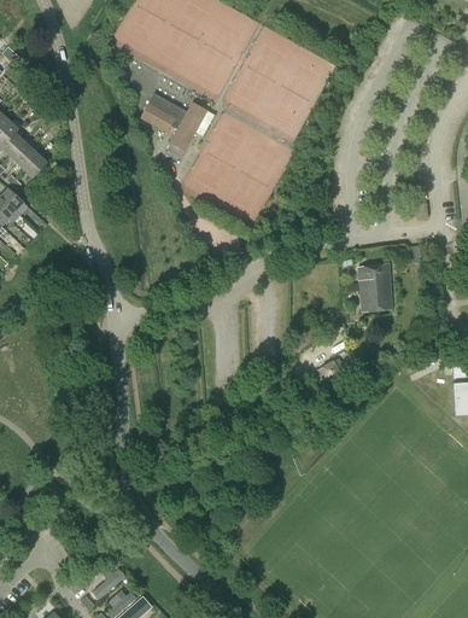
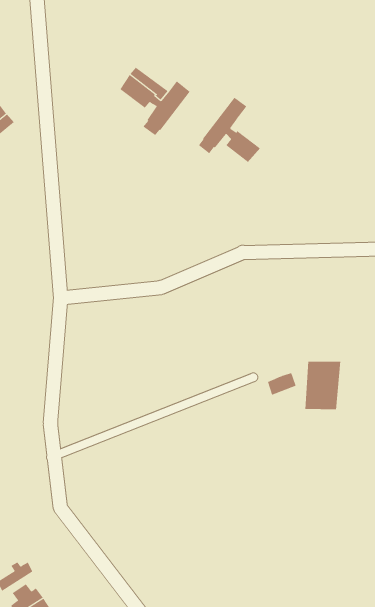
building: none -> [198,97,261,163]
building: [358,262,392,311] -> [304,361,341,410]

